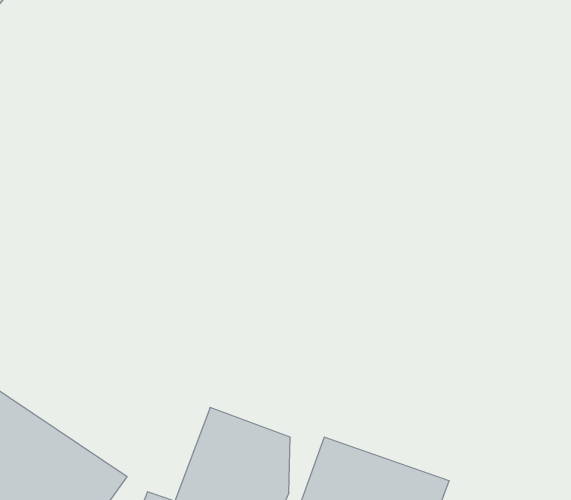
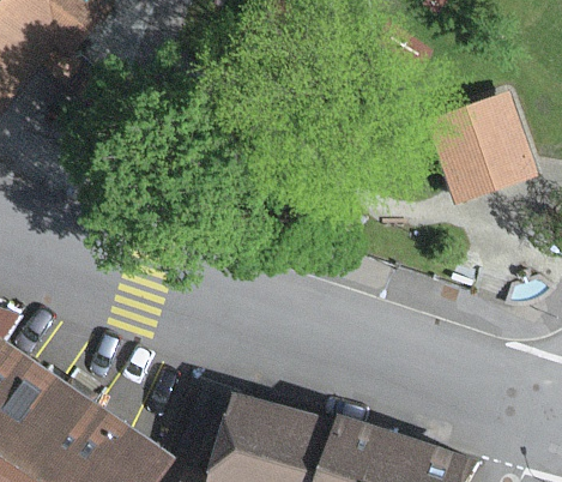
building: none -> [424,91,534,205]

